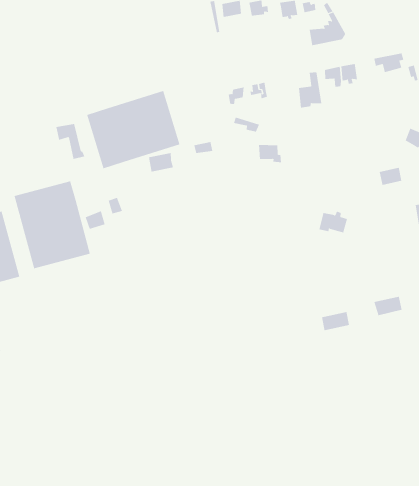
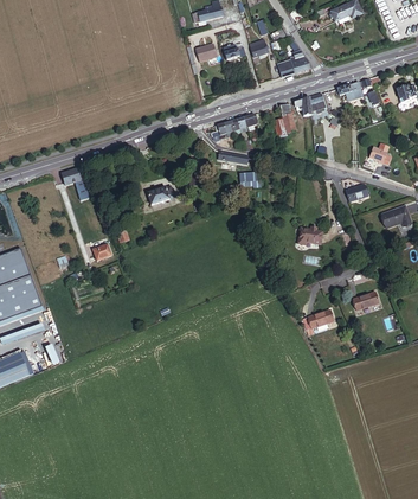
building: [87,90,180,169] -> none
building: [14,180,91,269] -> none

